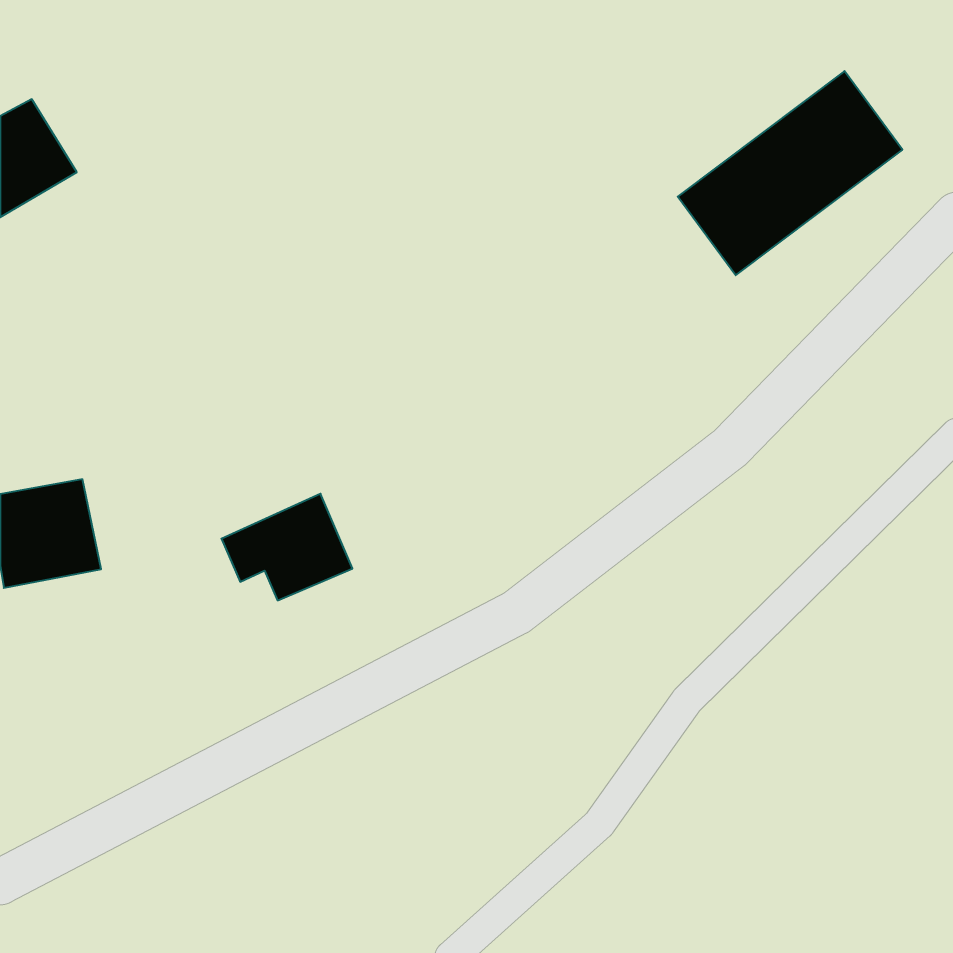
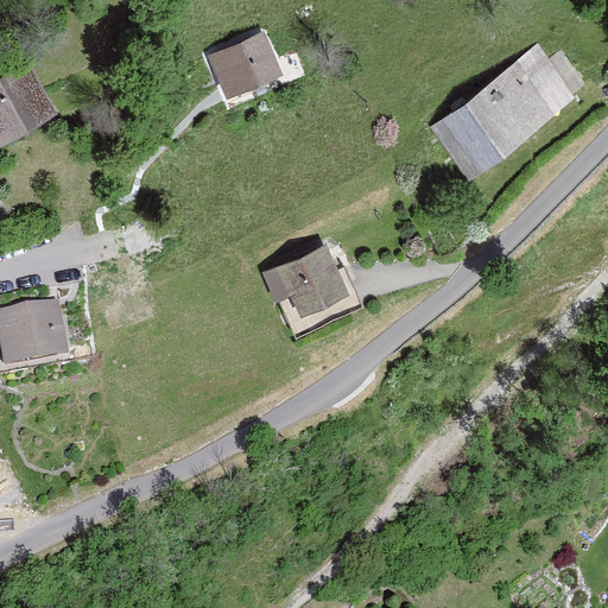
building: none -> [208,32,280,97]
building: [221,494,352,600] -> [261,246,344,314]

